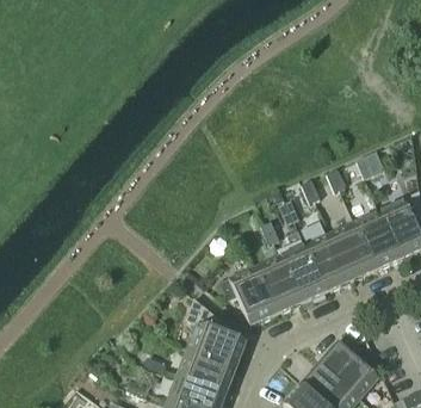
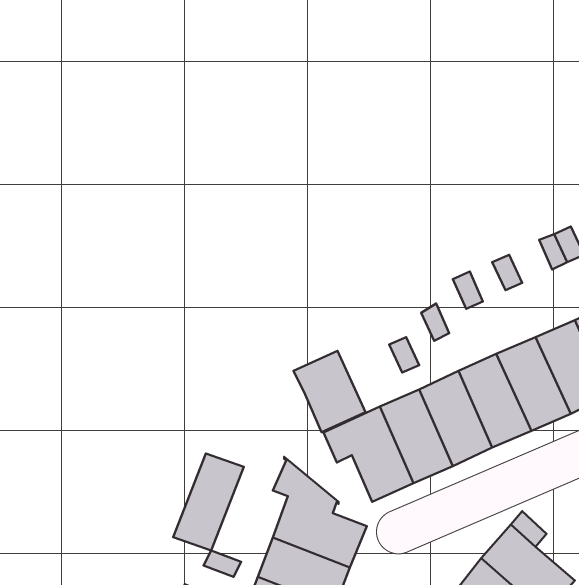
building: none -> [294,351,366,432]
building: none -> [173,453,244,551]

